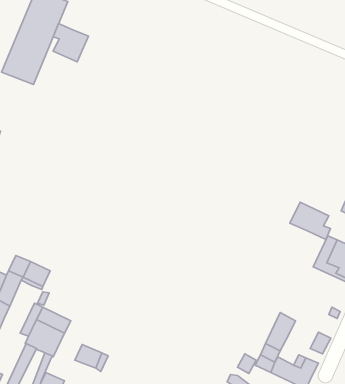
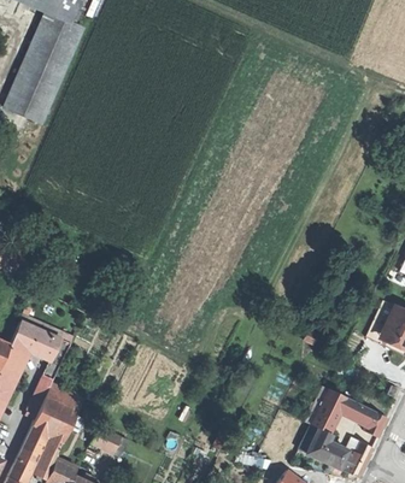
building: [53,24,88,62] -> none
building: [290,202,331,239] -> none
building: none -> [338,397,372,425]

